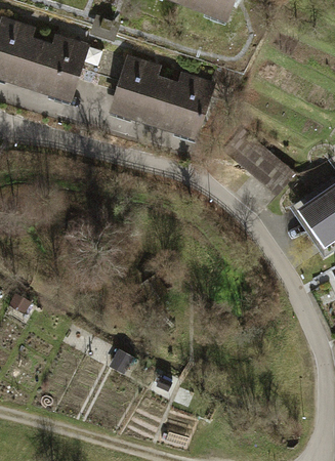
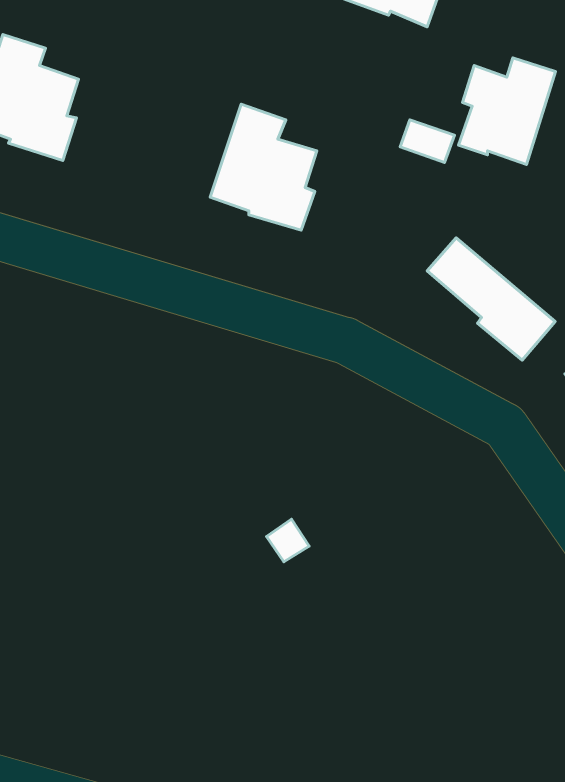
building: [34,38,86,94] -> none
building: [160,77,211,133] -> [459,58,555,164]

